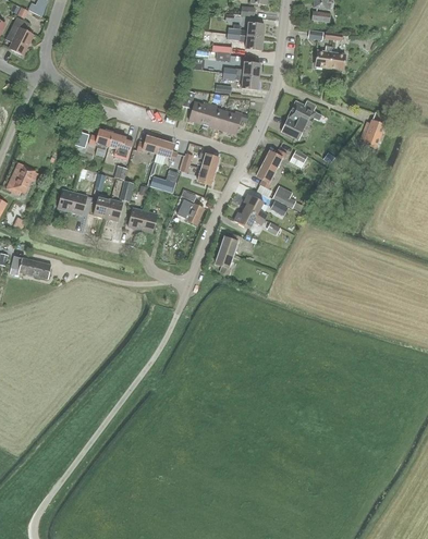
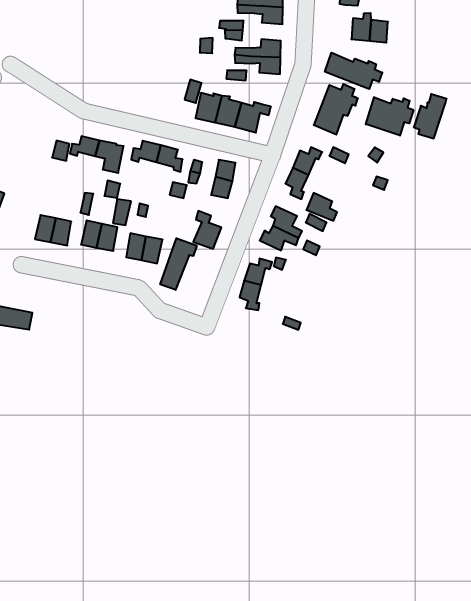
building: none -> [325,53,382,89]
building: none -> [366,97,413,136]
building: none -> [160,238,197,290]

